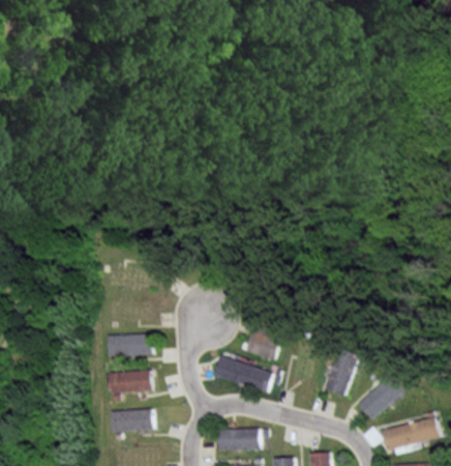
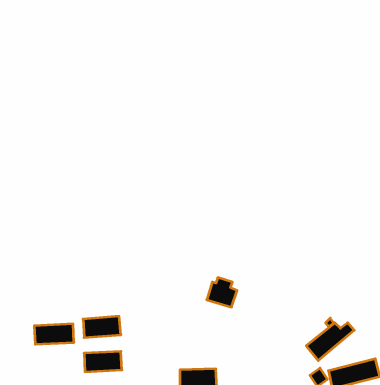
building: [107,333,151,356] -> [34,324,74,344]
building: [326,348,360,396] -> none
building: [214,355,273,392] -> none

